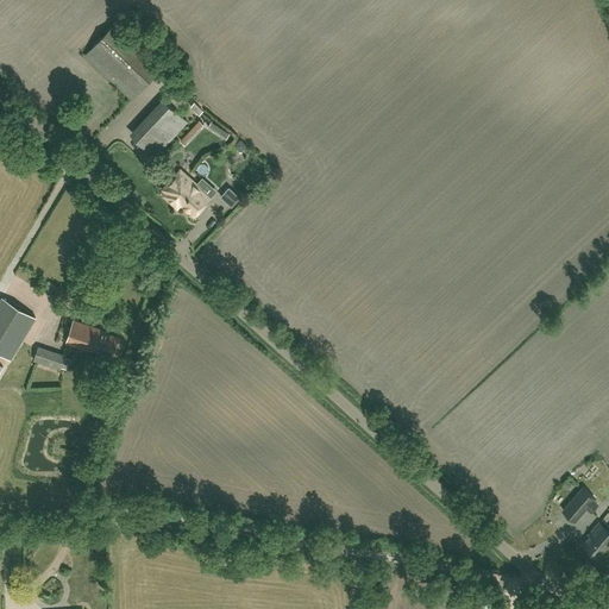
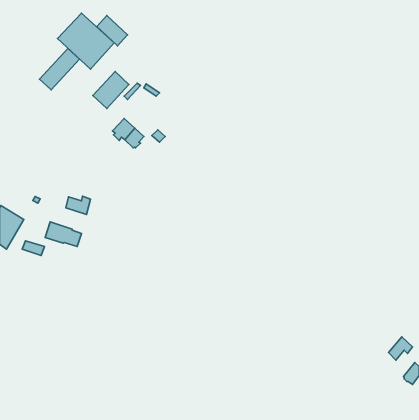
building: none -> [97,16,128,46]
building: none -> [39,48,80,90]
building: none -> [66,196,91,214]

